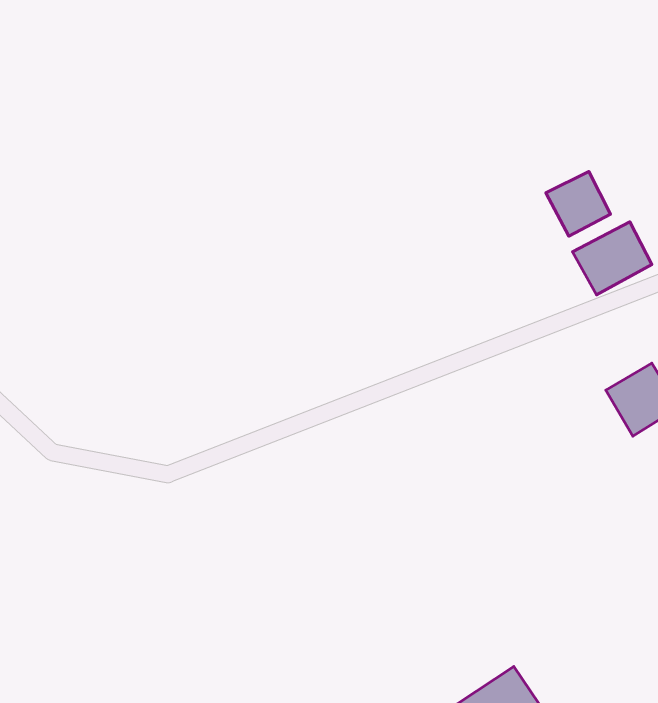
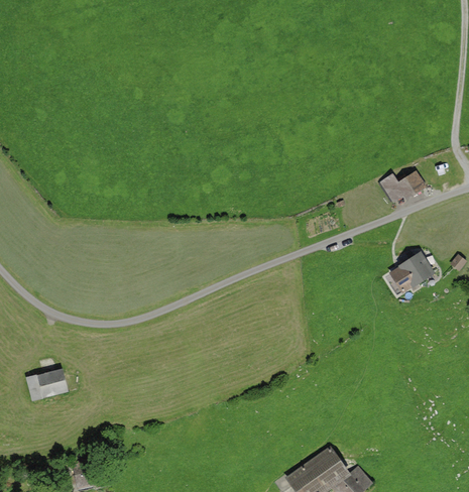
building: [546,171,610,236] -> none
building: none -> [26,366,71,402]

